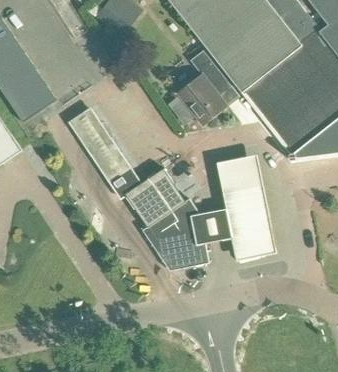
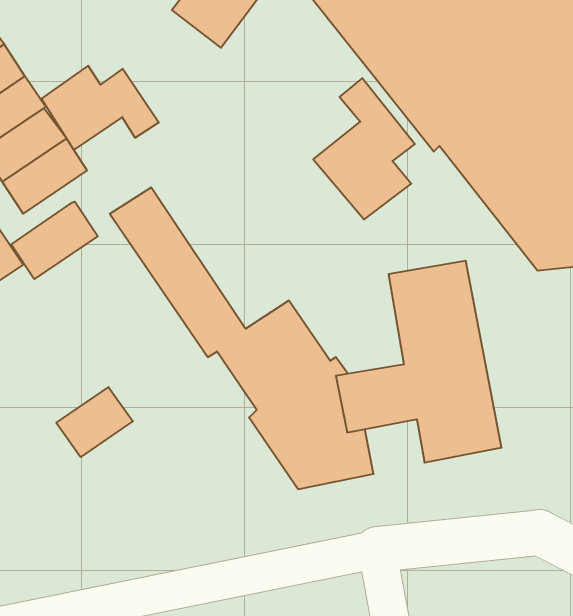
building: none -> [42,66,159,150]
building: none -> [11,202,98,279]
building: none -> [56,387,133,457]

